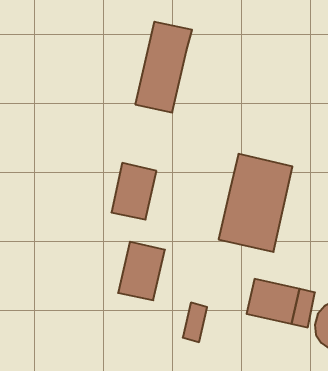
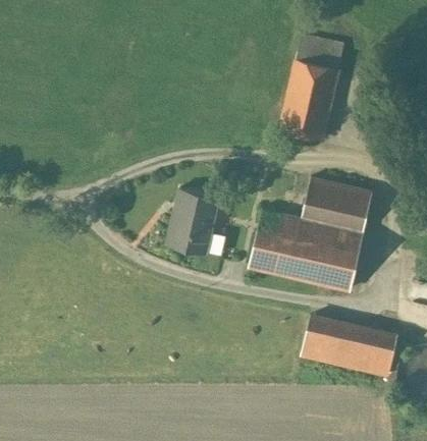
building: [135,22,192,113] -> [280,36,344,139]
building: [118,242,165,300] -> [249,209,302,275]
building: [183,303,207,342] -> [302,315,329,360]

